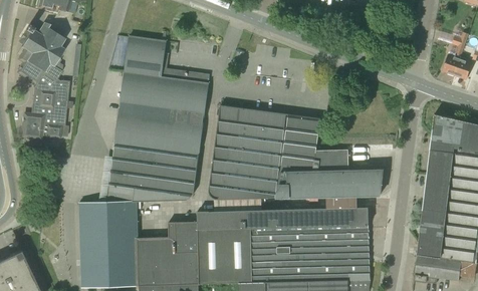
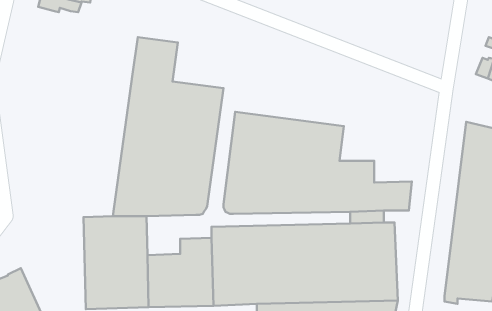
building: [17,22,69,140] -> none

